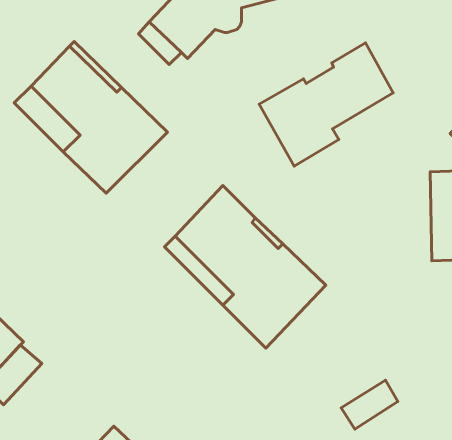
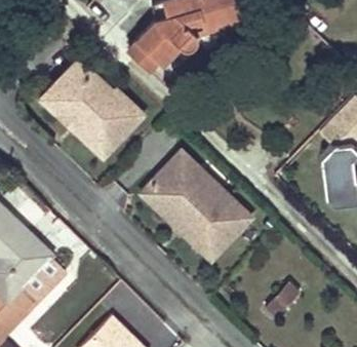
building: [259,43,393,166] -> none

